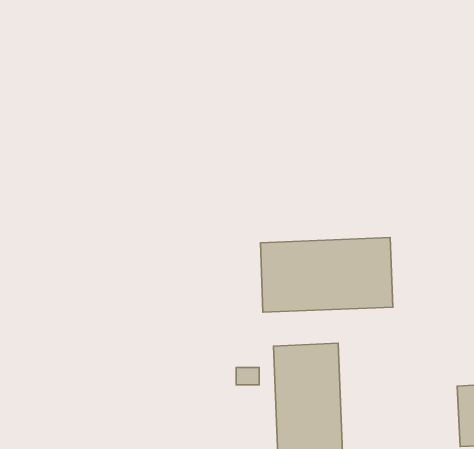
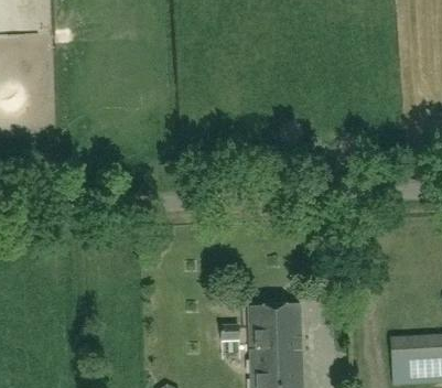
building: [260,238,393,312] -> none

